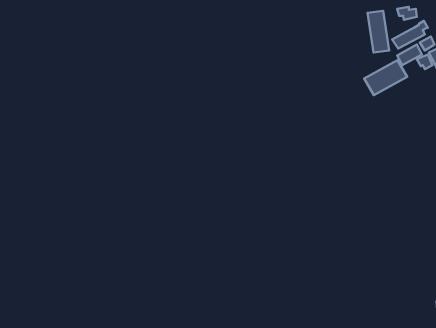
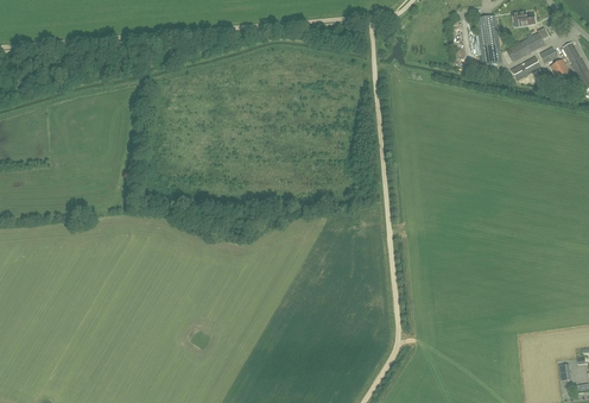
building: [364,60,407,95] -> none

